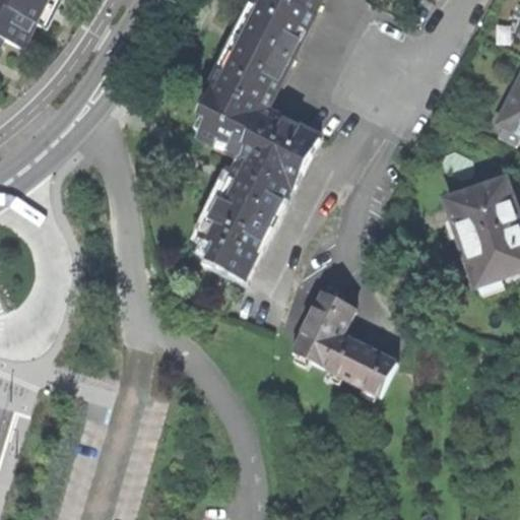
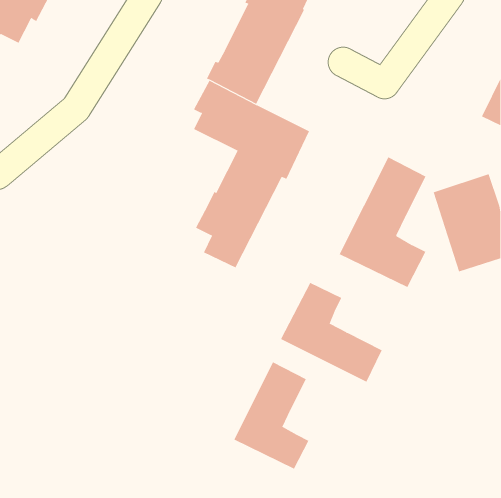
building: none -> [339,156,426,288]
building: none -> [234,362,309,469]

